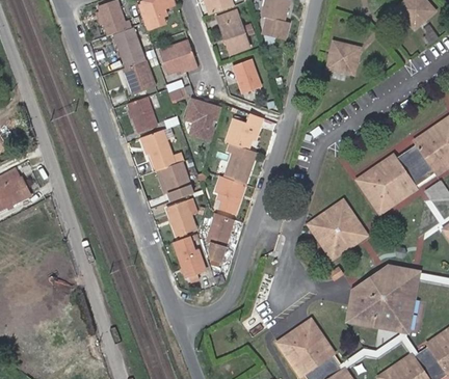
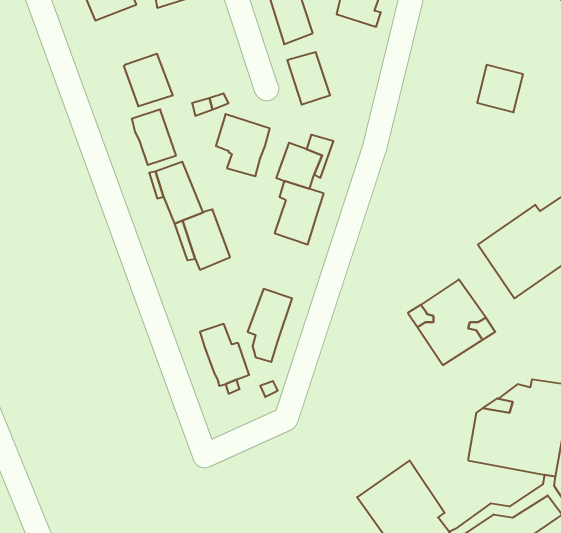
building: [113,28,146,65] -> none
building: [160,39,196,72] -> none
building: [328,42,359,73] -> [477,65,523,112]
building: [214,174,244,213] -> none
building: [167,200,196,235] -> none

